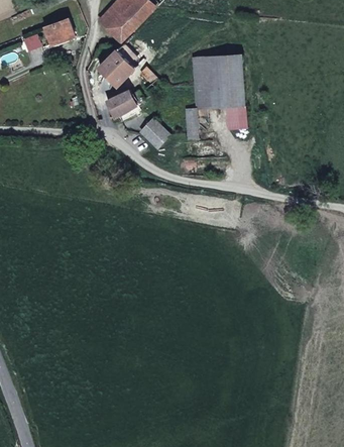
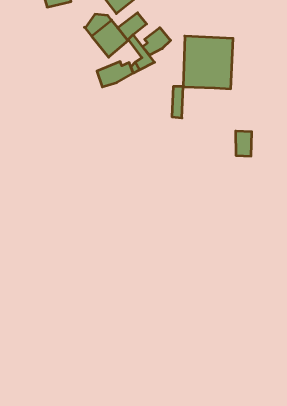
building: none -> [142,28,171,55]
building: [227,105,245,130] -> [236,131,252,156]
building: [142,120,169,148] -> none

